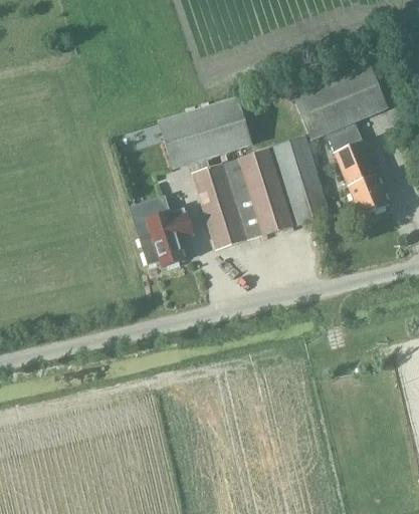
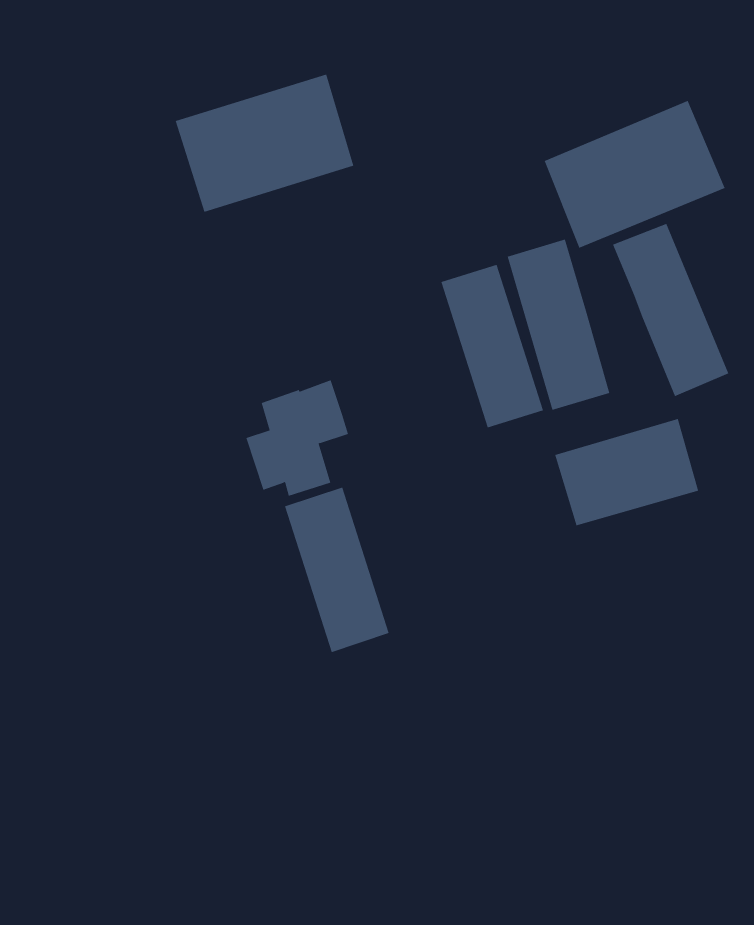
building: [159,97,251,169] -> [175,74,354,213]
building: [193,163,247,248] -> [284,487,390,653]
building: none -> [554,418,699,526]

